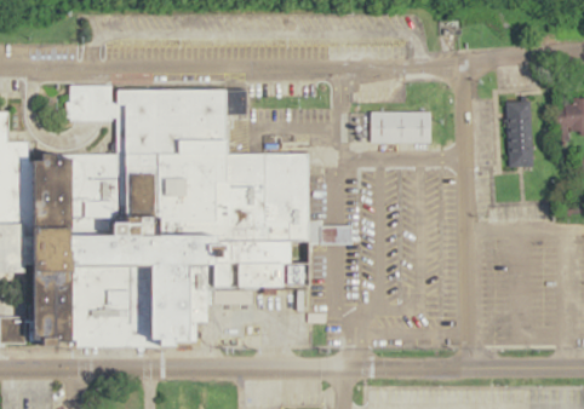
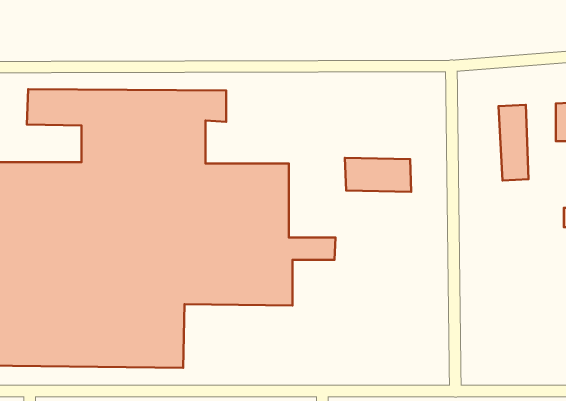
building: [370,113,431,144] -> [345,158,411,192]

